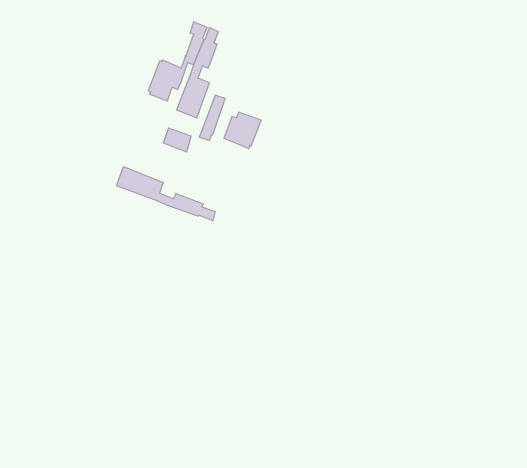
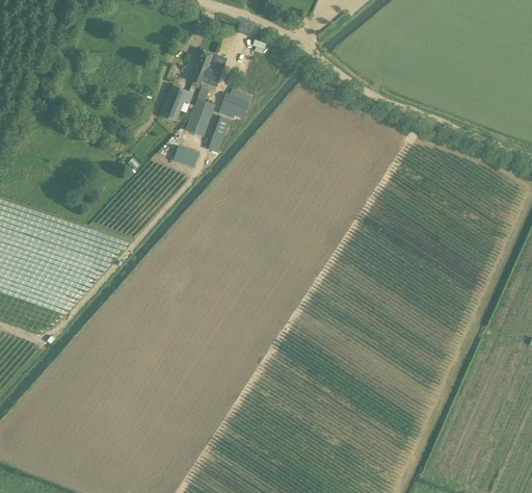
building: [224,112,261,148] -> [218,87,252,121]
building: [116,167,215,221] -> none

